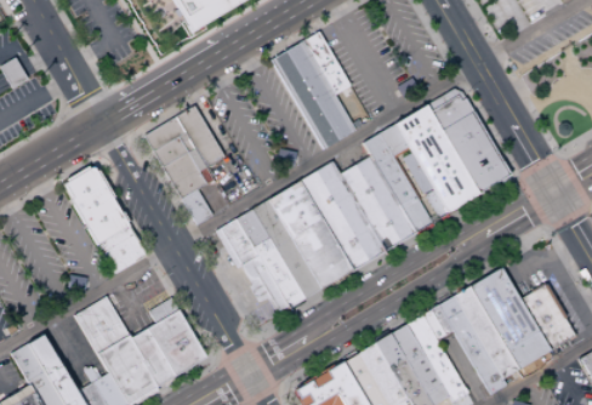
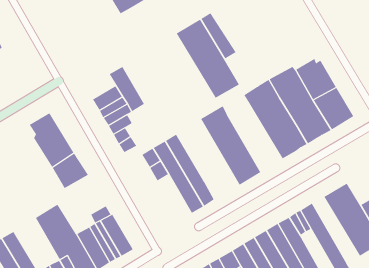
building: [143,116,186,152] -> none
building: [340,158,415,252] -> none
building: [269,181,355,290] -> none
building: [243,255,290,314] -> none
building: [456,286,522,378] -> none

